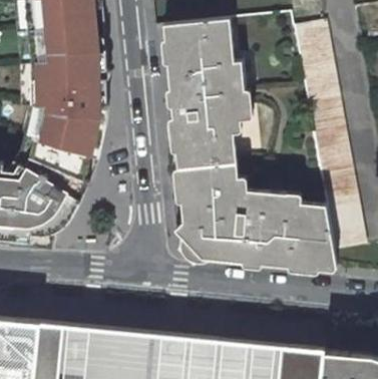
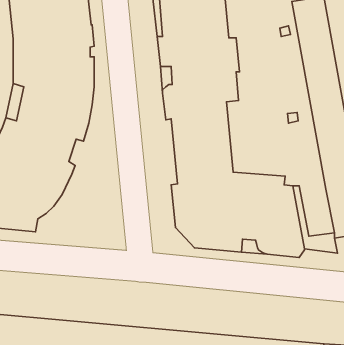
building: [300,201,333,248] -> none

